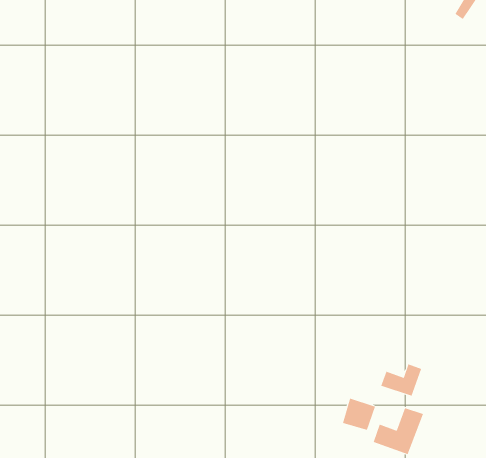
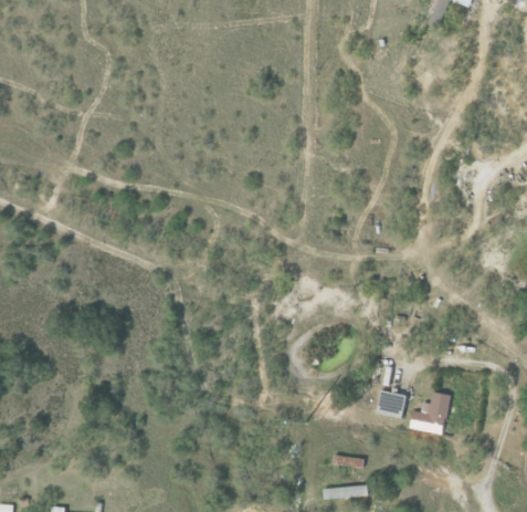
building: [380,363,422,396] -> none

